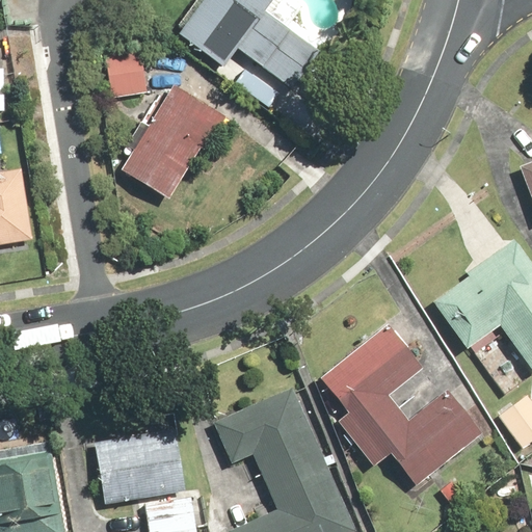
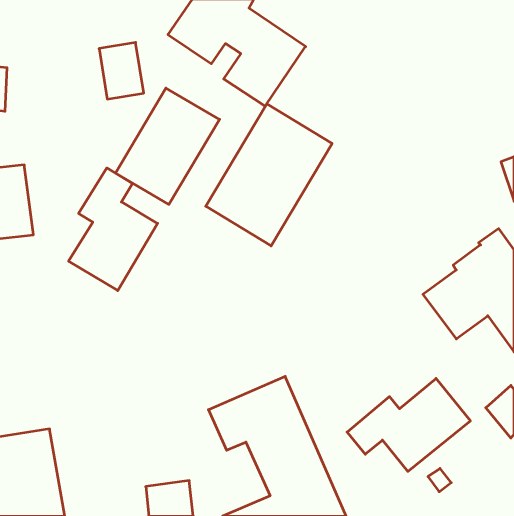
building: none -> [206,104,332,246]
building: none -> [69,168,158,291]
building: [321,323,424,444] -> none
building: [97,428,186,504] -> none

